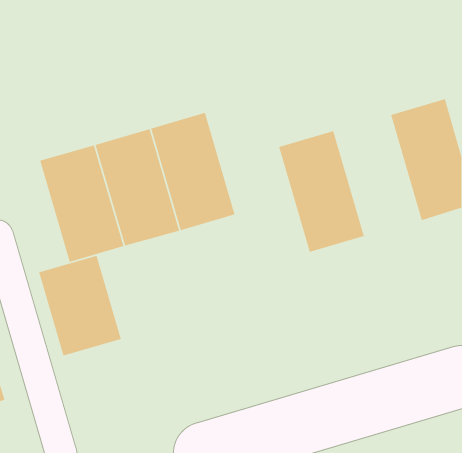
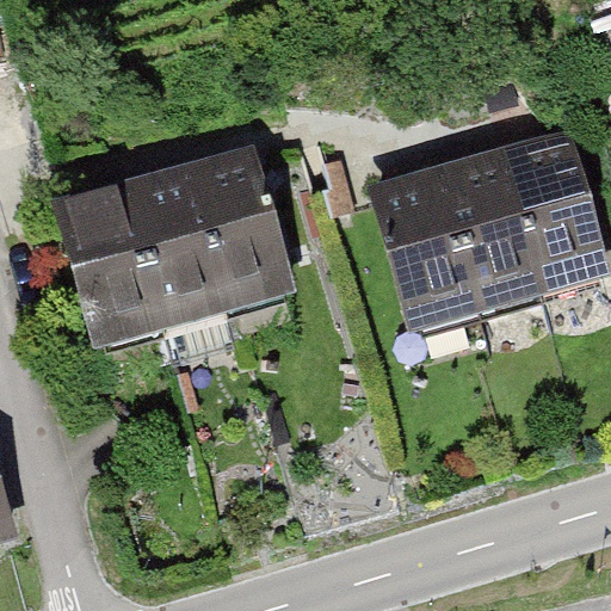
building: none -> [438,150,553,310]
building: [38,255,122,356] -> none

